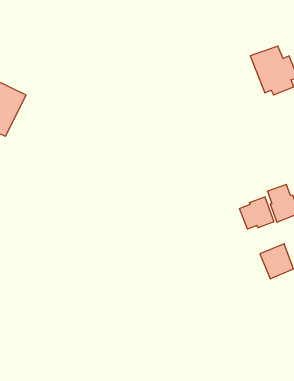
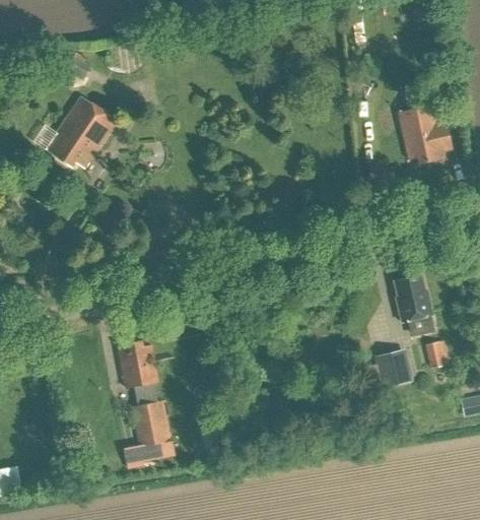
building: [240,197,274,229] -> none
building: none -> [120,340,168,462]

